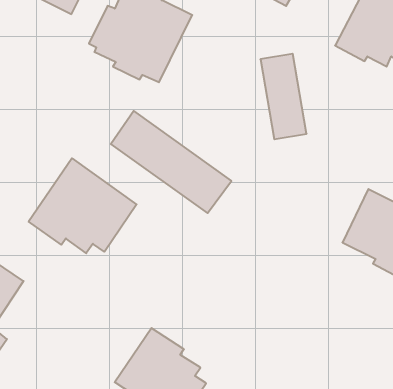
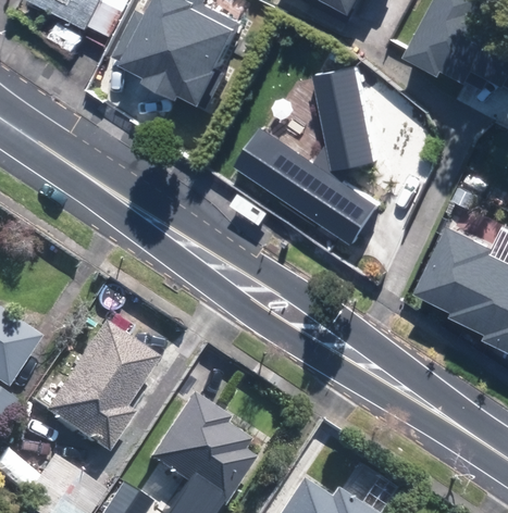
building: [111,111,231,213] -> [236,128,379,249]
building: [29,158,137,253] -> none
building: none -> [44,322,158,453]

